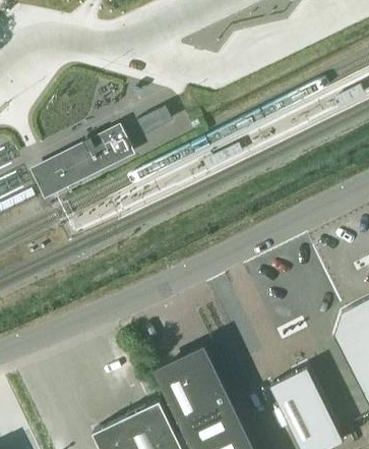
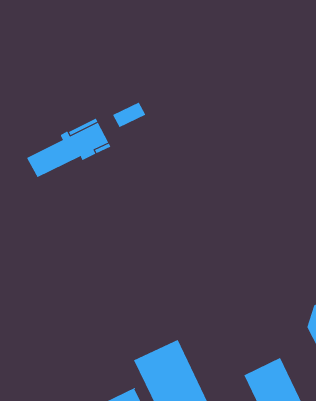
building: [29,142,106,198] -> none

